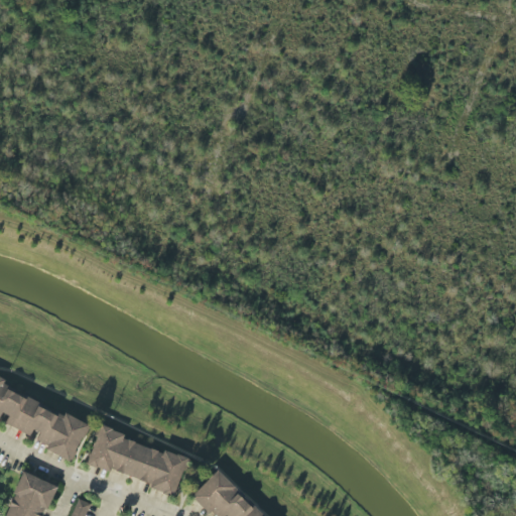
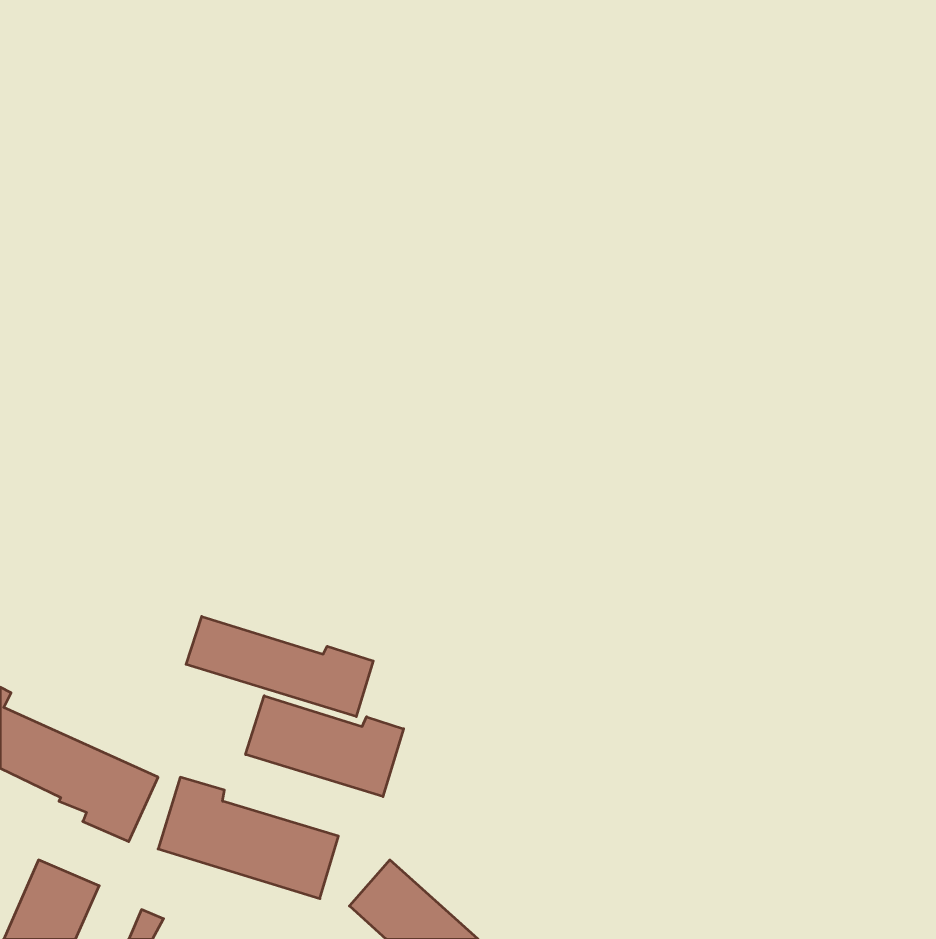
building: none -> [186,616,373,717]
building: none -> [246,696,404,797]

